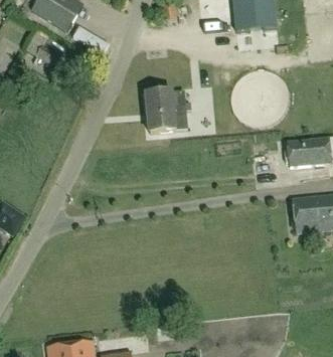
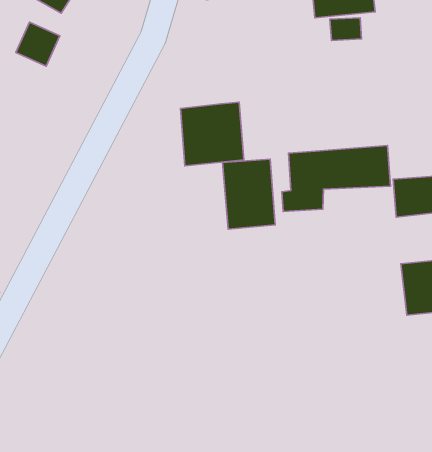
building: none -> [282,146,390,211]
building: none -> [223,159,275,229]

